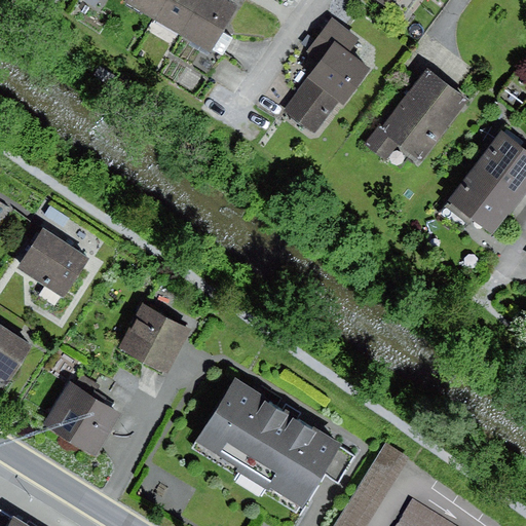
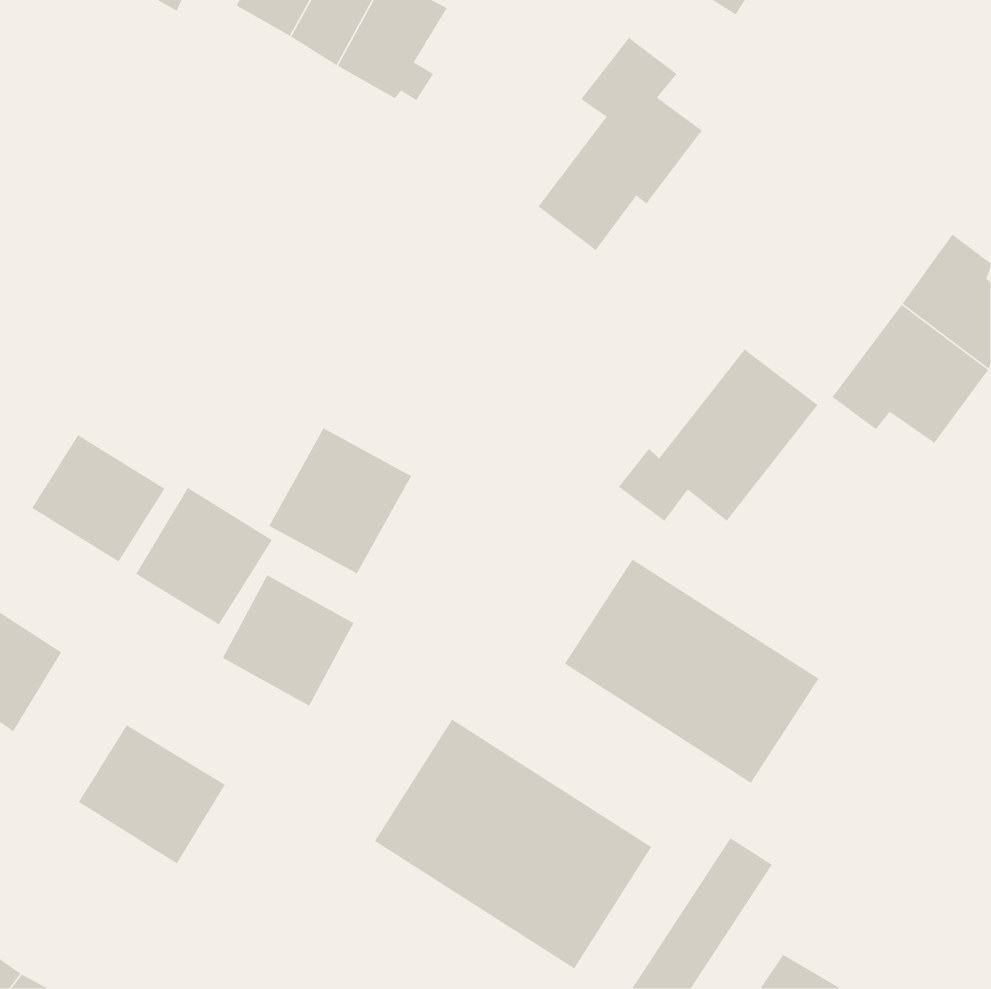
building: [360,70,465,161] -> [618,348,818,522]
building: none -> [268,427,412,575]
building: none -> [135,487,273,625]
building: none -> [564,558,819,784]

